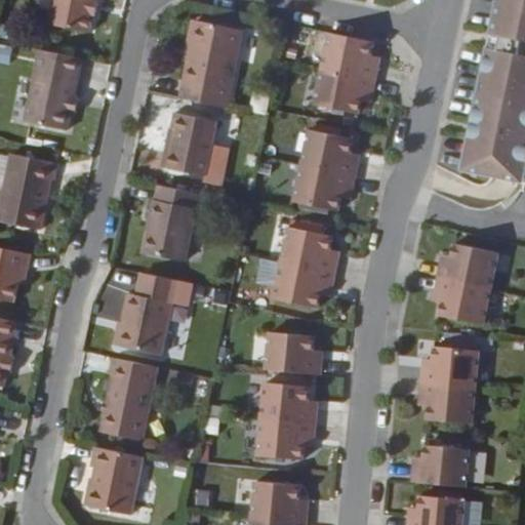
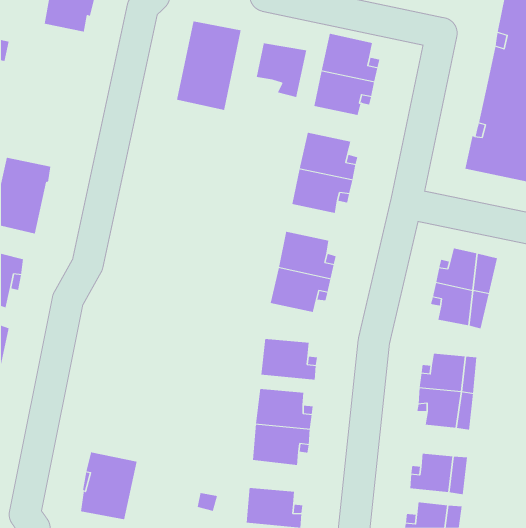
building: none -> [256,43,307,98]
building: [26,50,80,130] -> none
building: [167,113,217,177] -> none
building: [143,185,198,260] -> none
building: [117,273,174,353] -> none
building: [98,357,157,438] -> none

